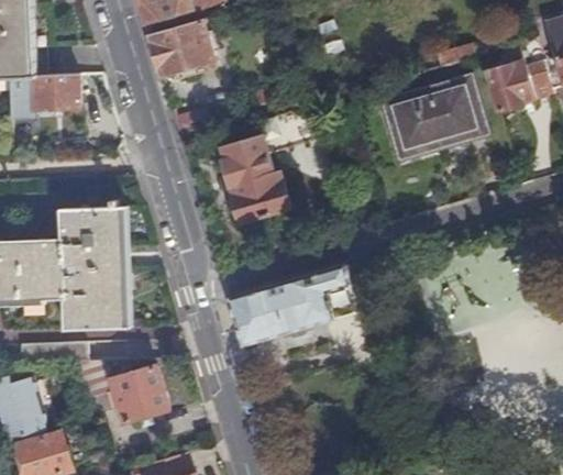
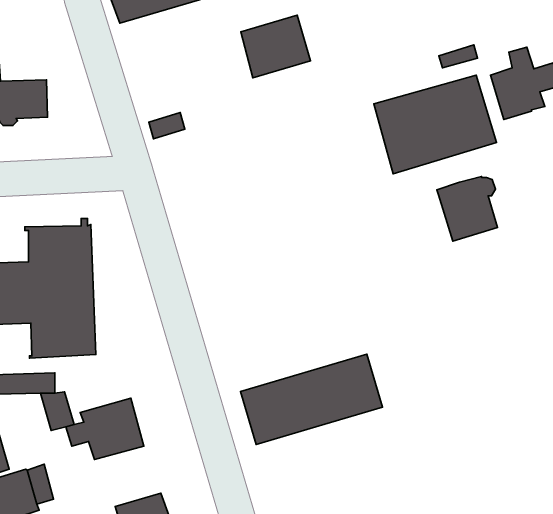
building: [151,21,214,78] -> [241,15,311,78]
building: [223,137,290,221] -> none
building: none -> [437,176,498,241]
building: [229,264,358,346] -> [240,354,382,445]

